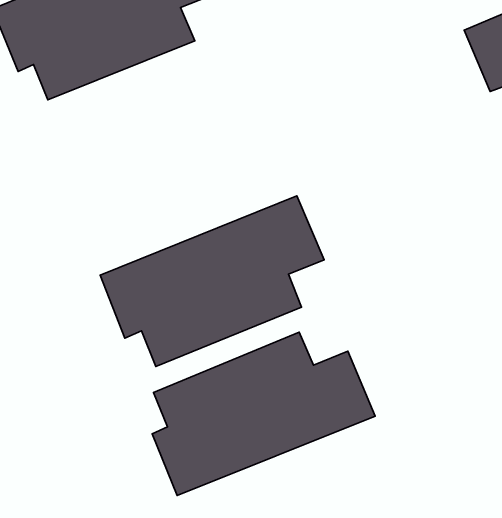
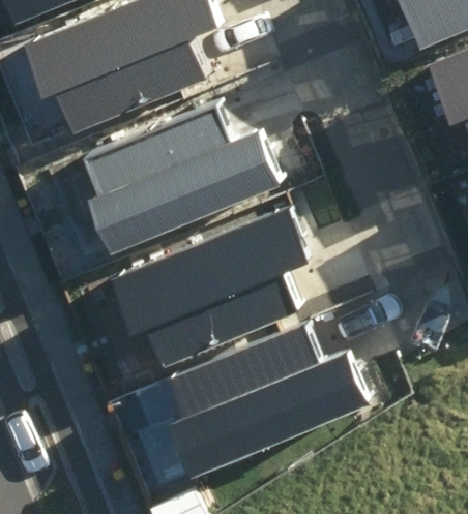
building: none -> [85,108,280,250]

